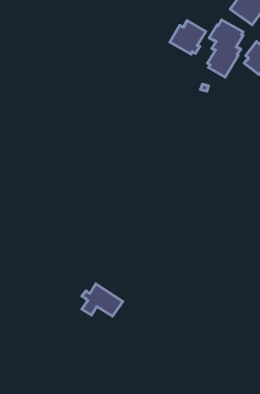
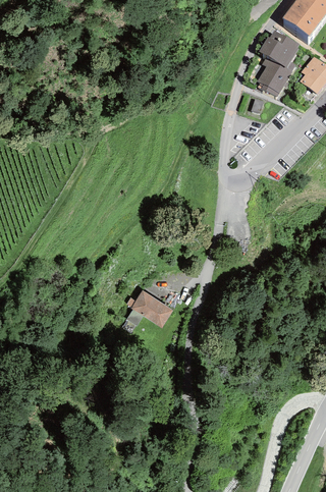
building: [170,20,206,54] -> none
building: [82,284,123,316] -> [125,289,173,327]

